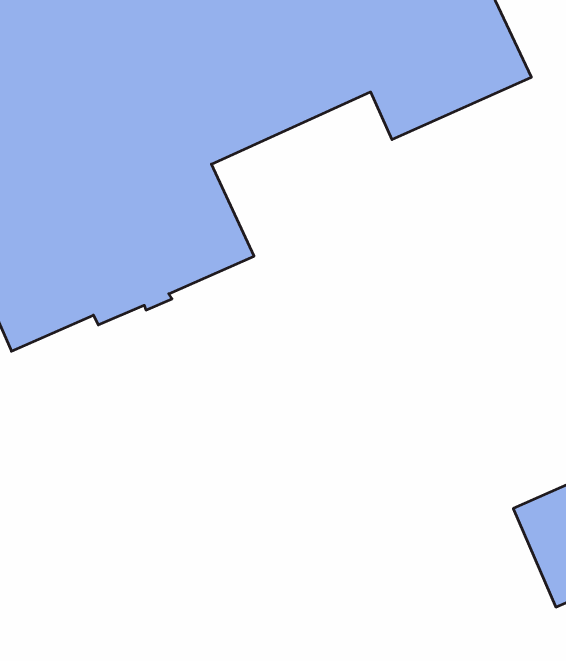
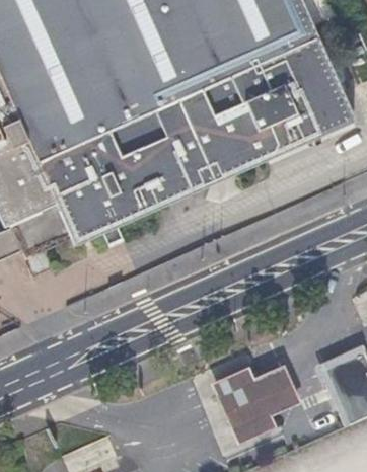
building: none -> [139,92,349,203]
building: none -> [223,359,309,435]

